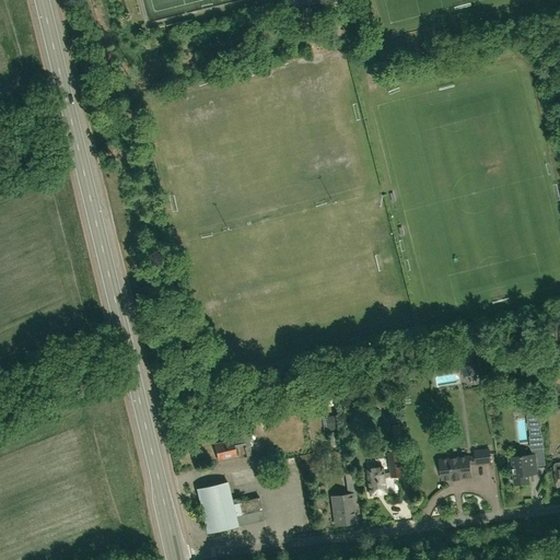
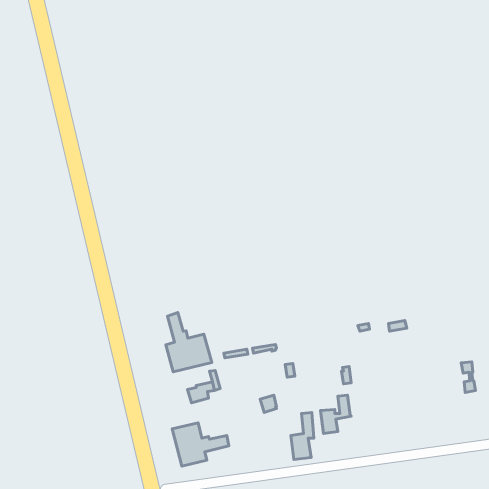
building: none -> [166,313,212,372]
building: [440,450,490,479] -> none
building: [511,455,537,485] -> none

